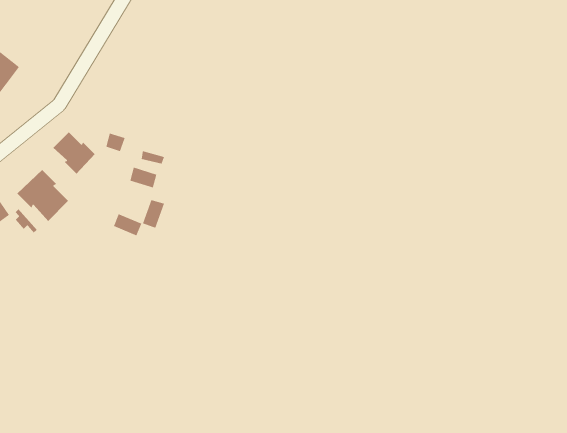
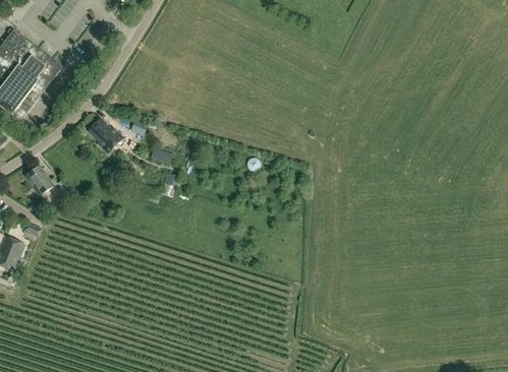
building: [17,169,69,222] -> none

